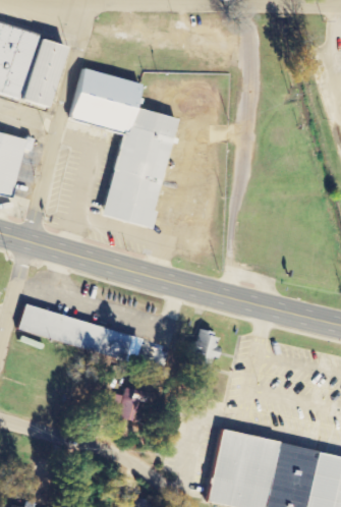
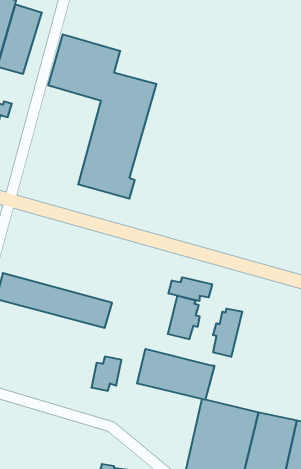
building: none -> [168,277,212,301]
building: none -> [213,309,242,357]
building: none -> [137,349,214,400]

